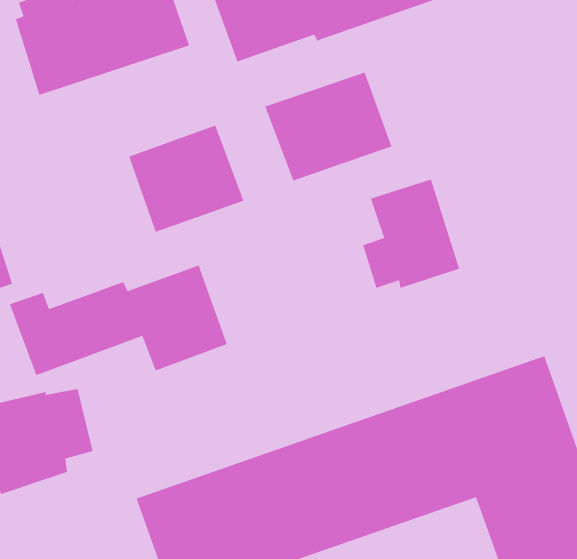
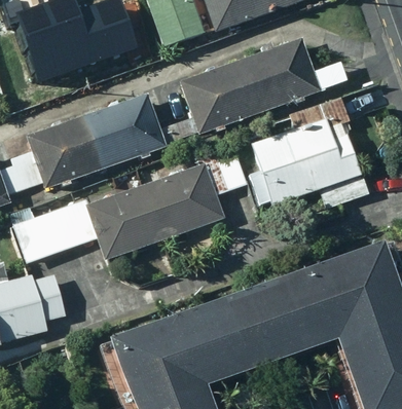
building: none -> [251,36,350,106]
building: none -> [291,92,369,206]
building: none -> [29,112,108,186]
building: none -> [138,144,247,240]

